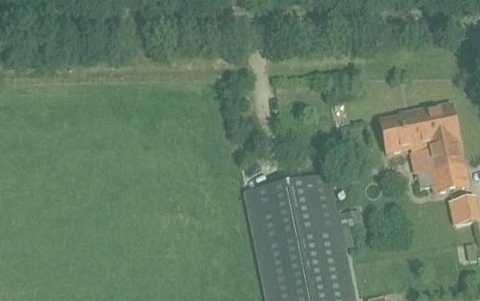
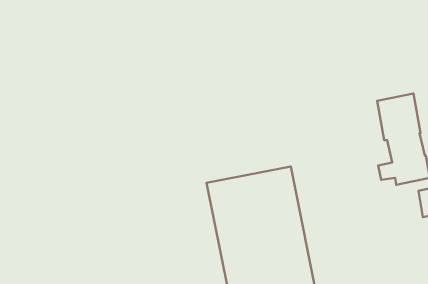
building: [379,109,422,153] -> none

